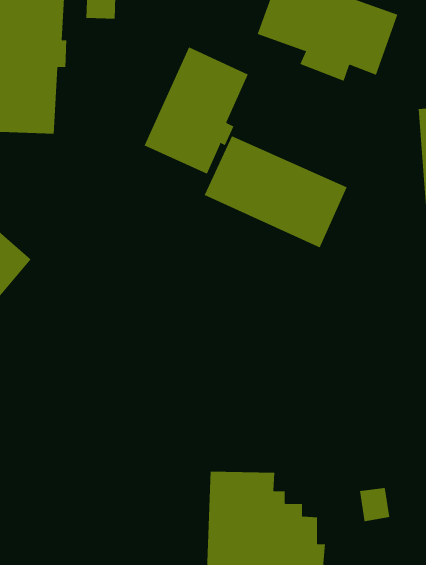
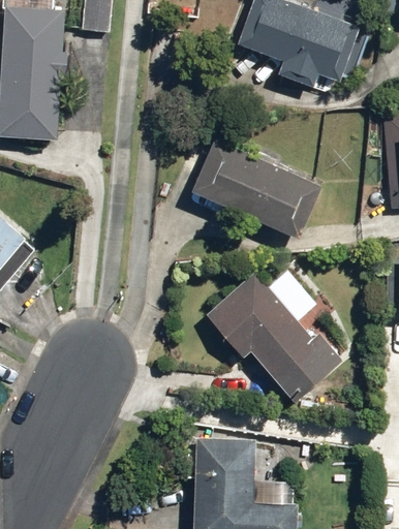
building: [144,47,248,174] -> none
building: none -> [205,271,343,401]

